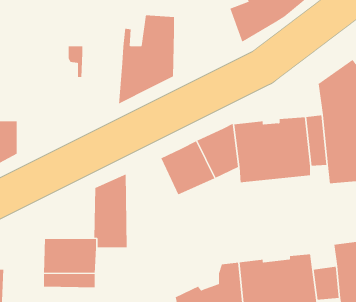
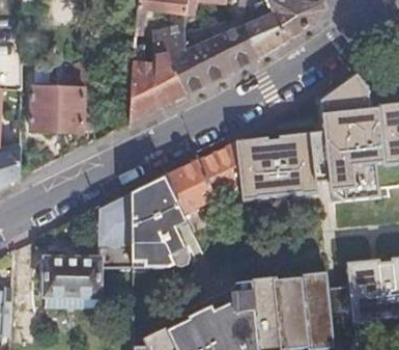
building: none -> [182,24,251,92]
building: none -> [27,87,80,133]
building: none -> [135,174,191,268]

